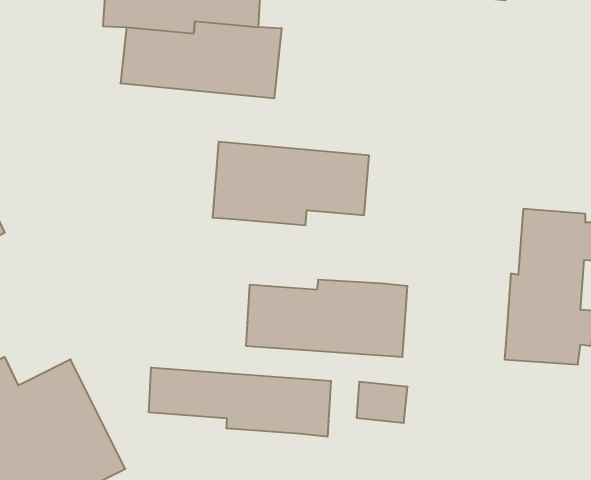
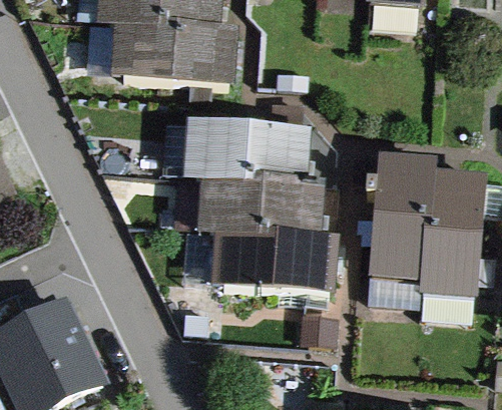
building: none -> [368,153,432,281]
building: none -> [191,173,321,238]
building: [149,367,331,437] -> none

